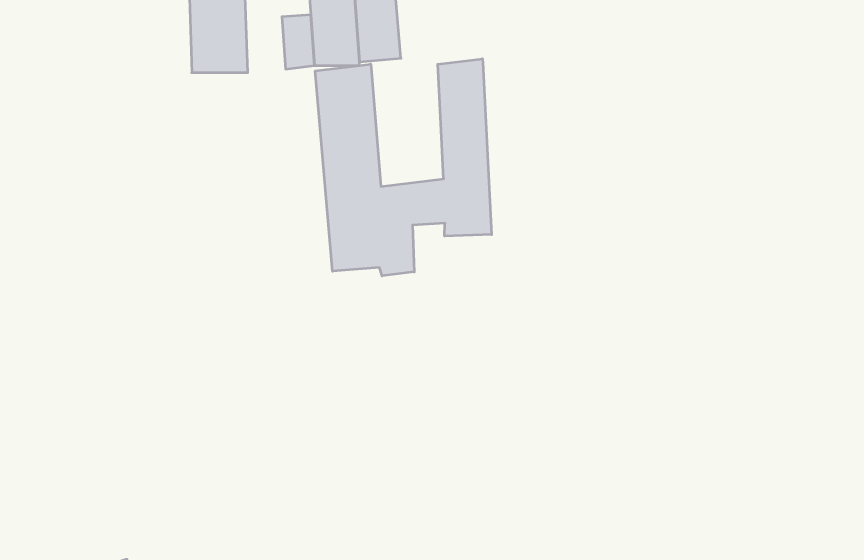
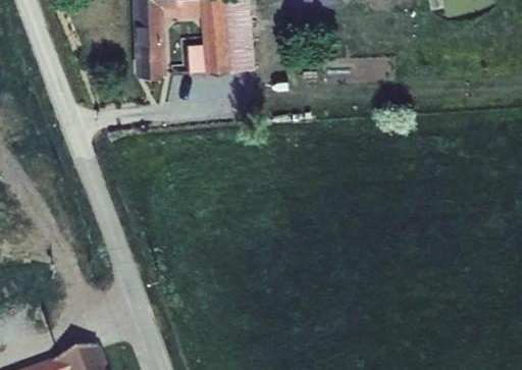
building: [315,59,492,276] -> none

